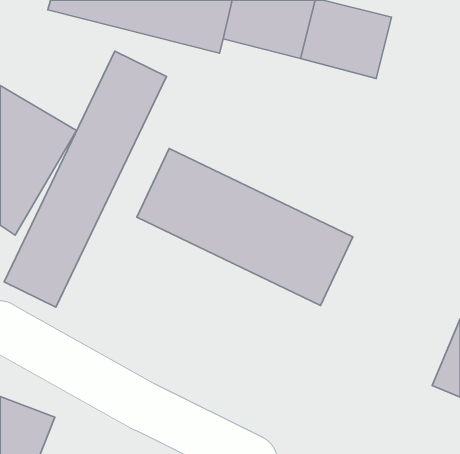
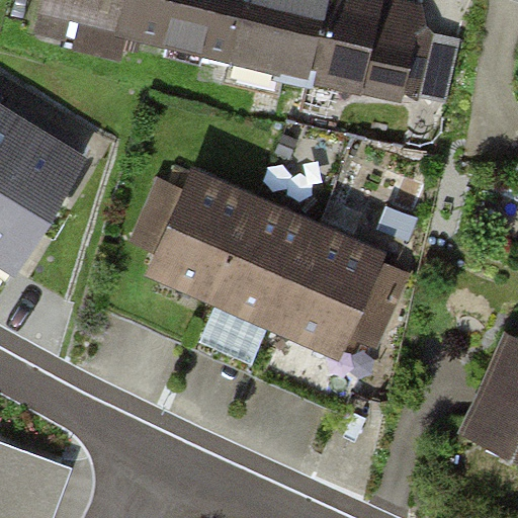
building: [4,51,167,307] -> none

